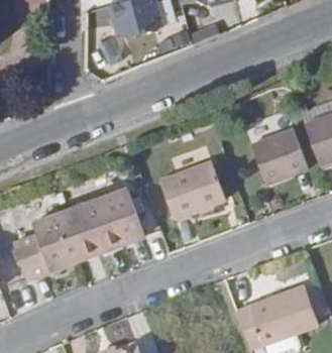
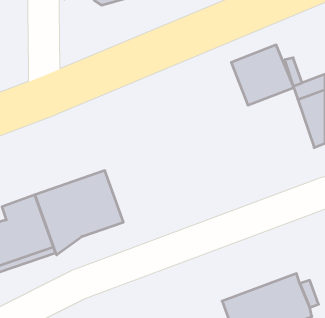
building: [250,128,308,184] -> [231,45,294,105]
building: [159,160,226,219] -> none

